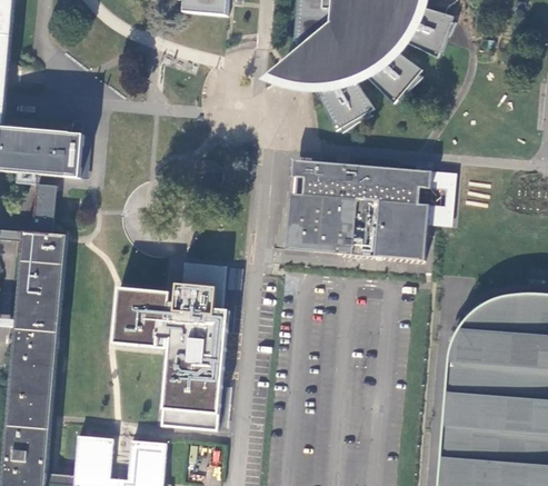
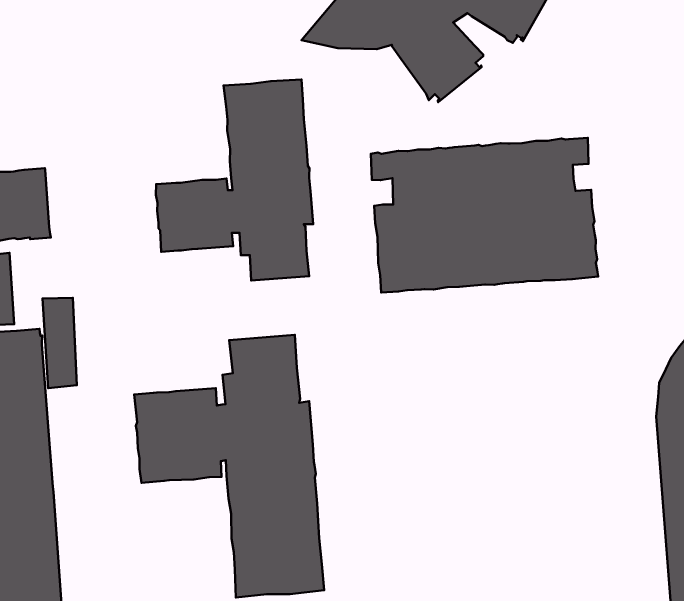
building: none -> [156,80,313,280]
building: [418,170,456,225] -> none
building: none -> [43,298,77,388]

